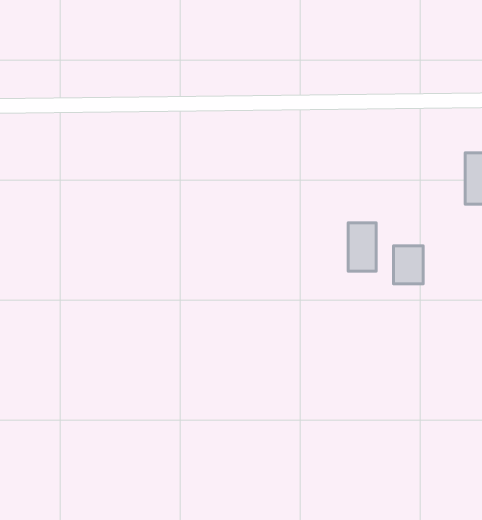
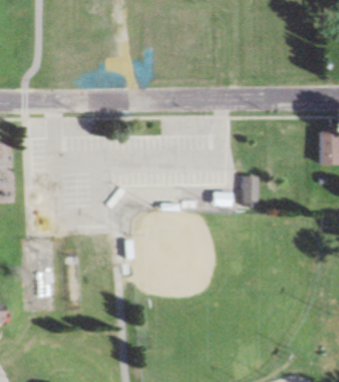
building: [394,246,423,284] -> none

